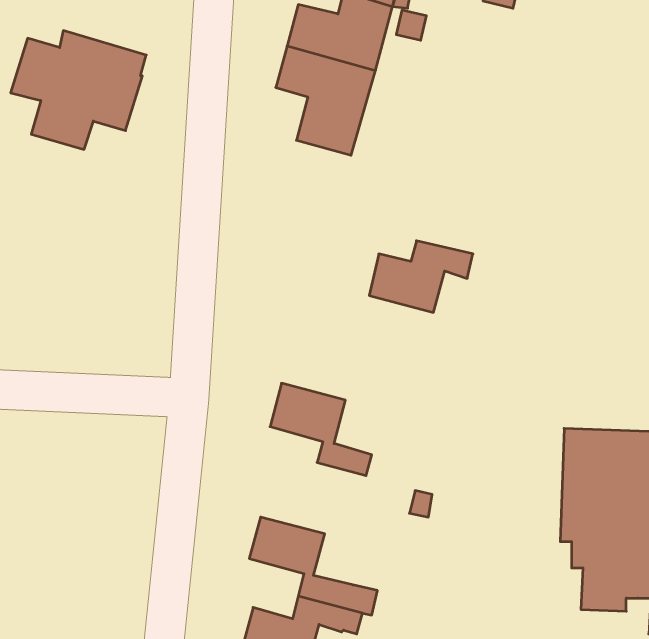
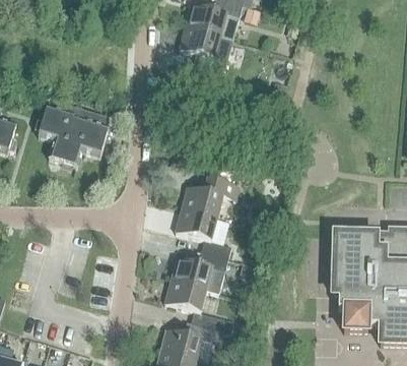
building: [11,31,146,149] -> [37,102,110,166]
building: [369,241,473,312] -> [181,178,236,217]
building: none -> [169,250,226,292]

